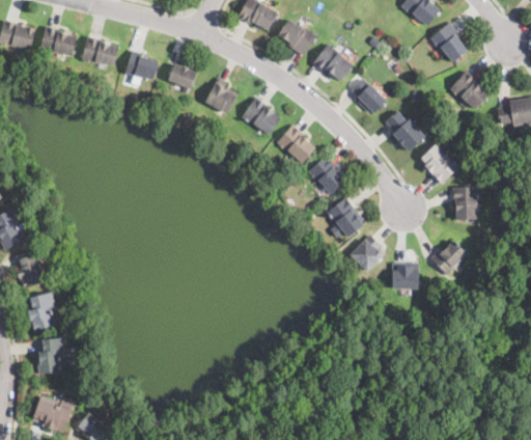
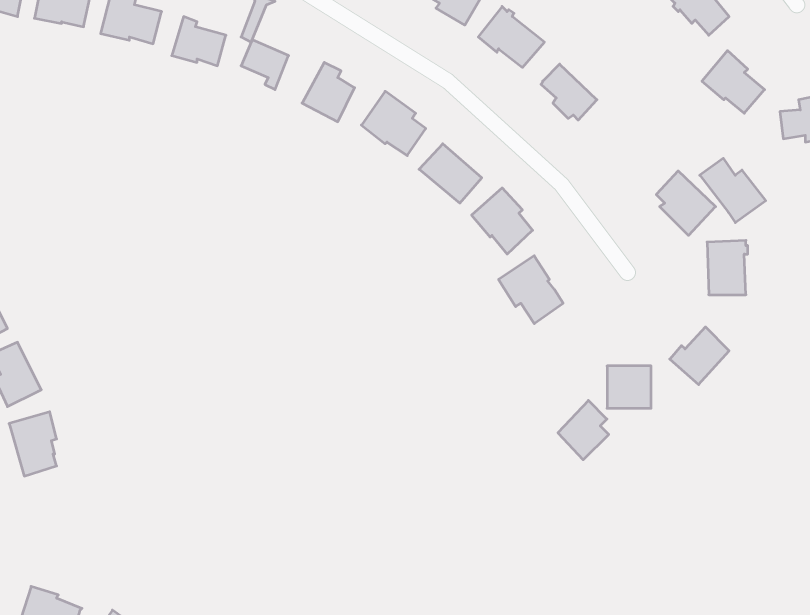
building: [385,111,425,150] -> [700,158,766,223]
building: [352,236,383,272] -> [558,400,609,460]
building: [37,338,65,376] -> none

